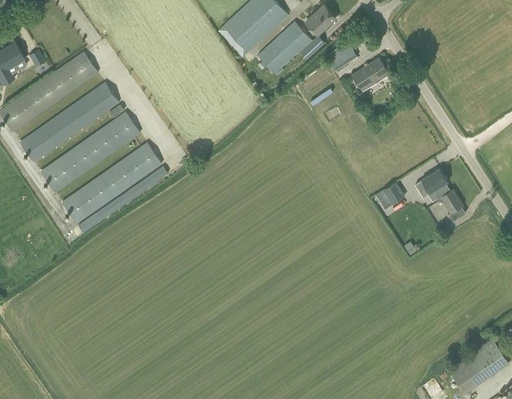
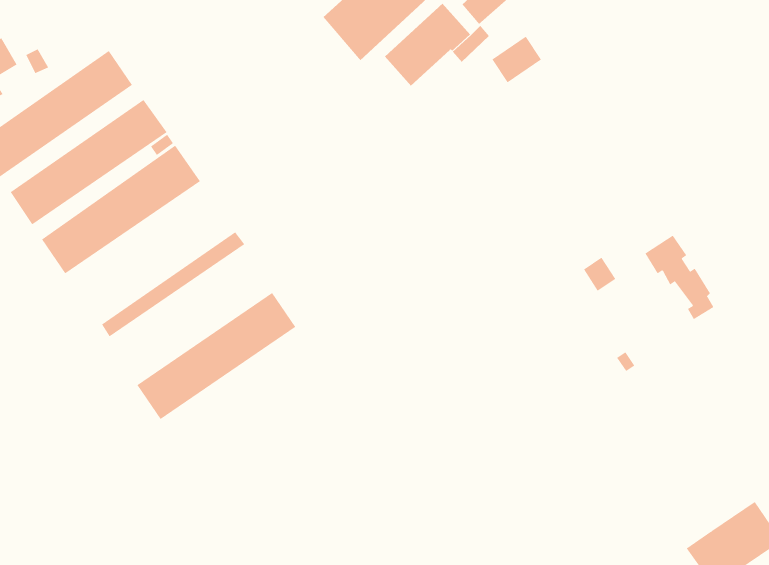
building: [353,58,390,92] -> none
building: [61,142,162,223] -> [137,292,296,420]

